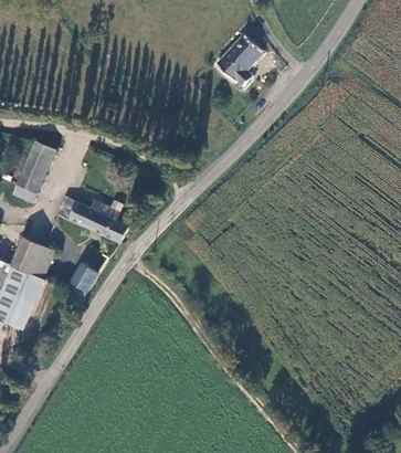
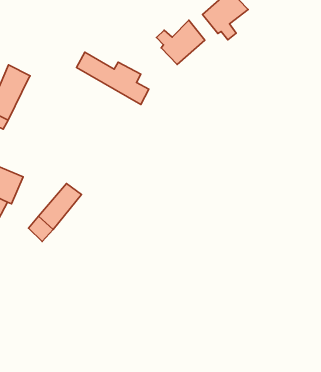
building: none -> [156,20,205,65]
building: [59,192,135,240] -> [77,52,149,104]

